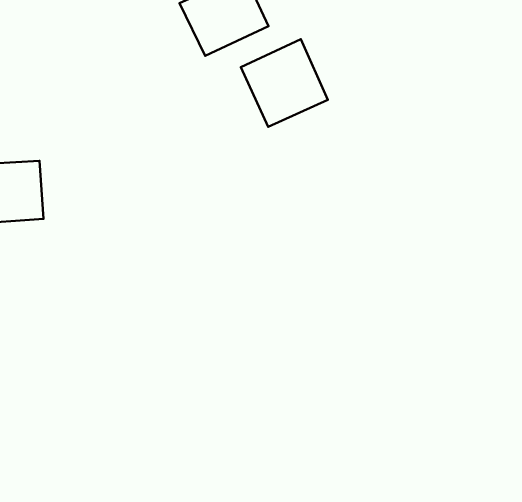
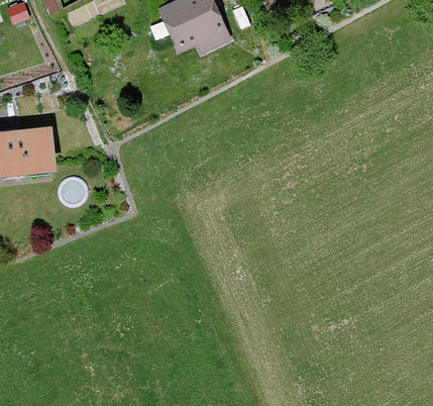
building: [241,39,328,127] -> none

